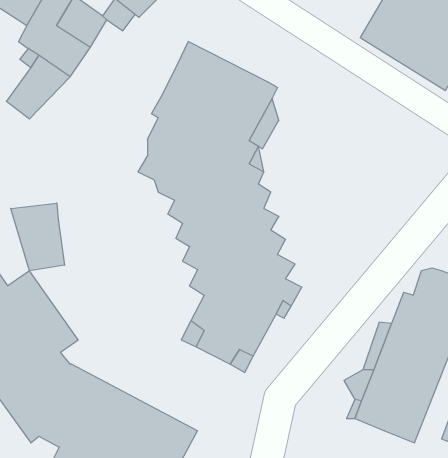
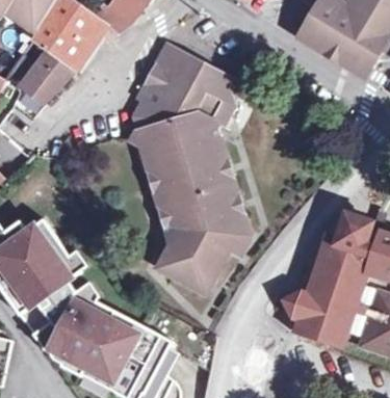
building: [11,203,64,271] -> none

